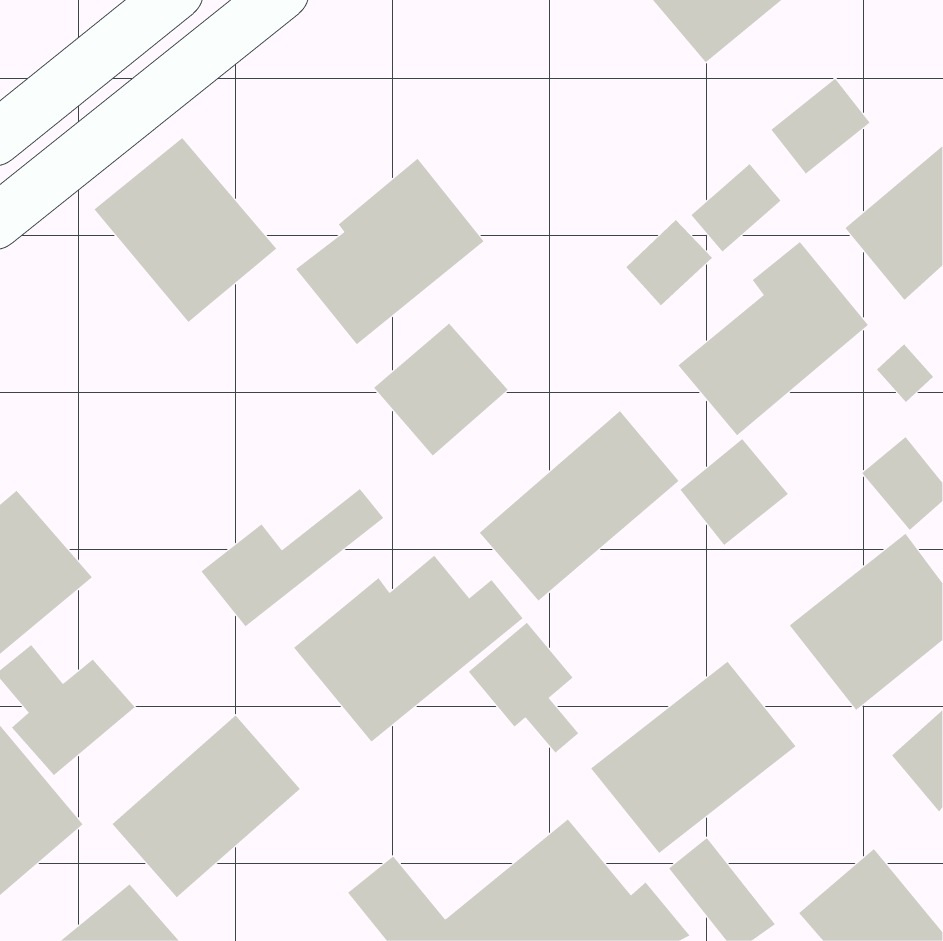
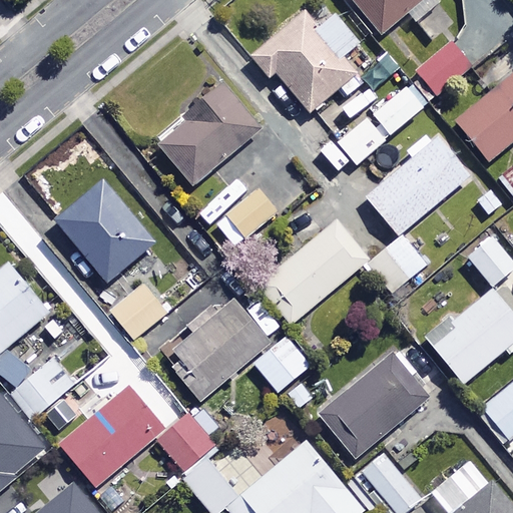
building: none -> [249,12,358,113]
building: [93,137,277,323] -> [56,183,155,284]
building: none -> [156,415,214,473]

